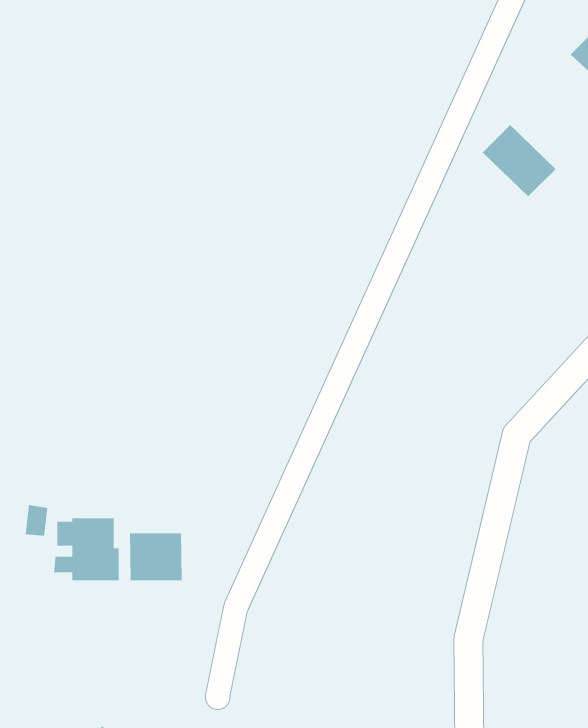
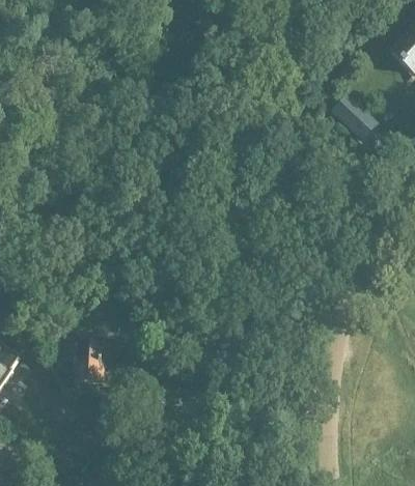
building: [130,532,182,581] -> none

